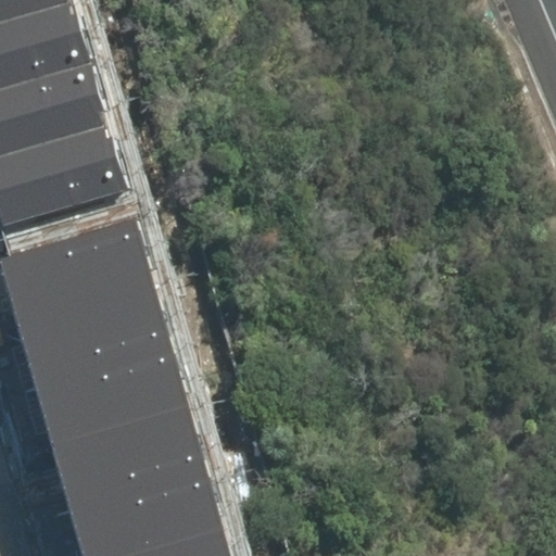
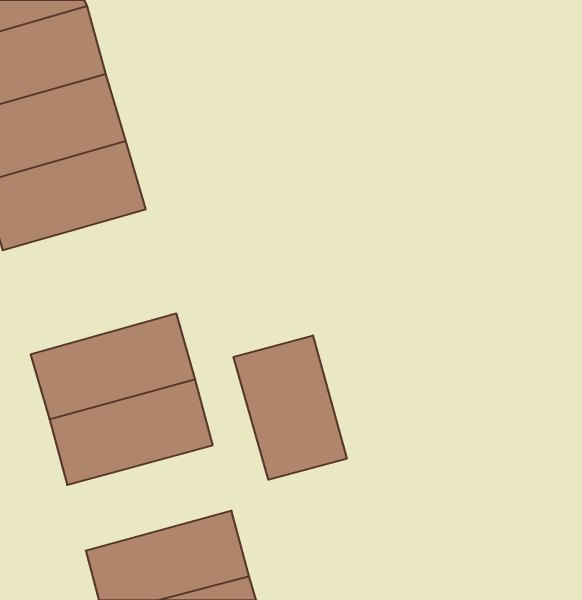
building: [12,230,163,328] -> none
building: none -> [233,335,347,480]
building: [62,412,214,509] -> none

